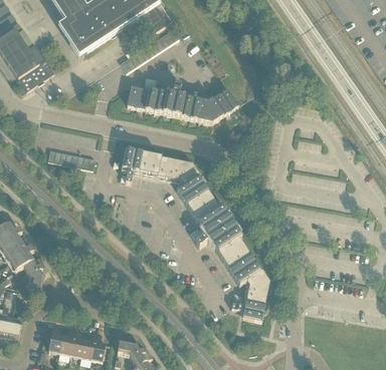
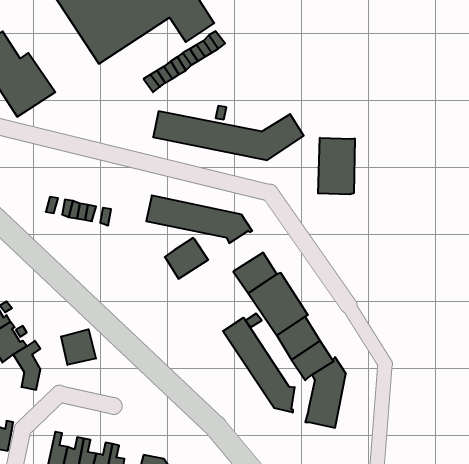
building: none -> [318,138,355,194]
building: [176,174,208,205] -> [165,238,208,279]
building: none -> [223,318,295,413]
building: none -> [61,329,96,365]

